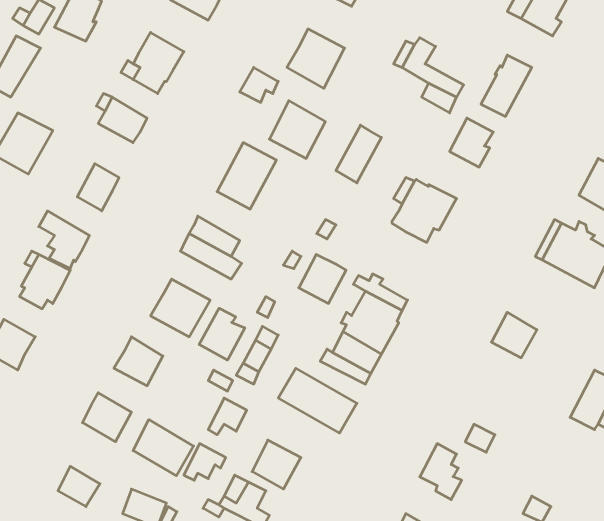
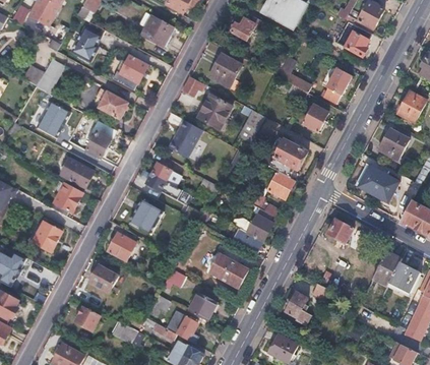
building: [299,254,346,303] -> [267,171,295,199]
building: [199,308,245,360] -> none
building: [133,420,194,476] -> none

